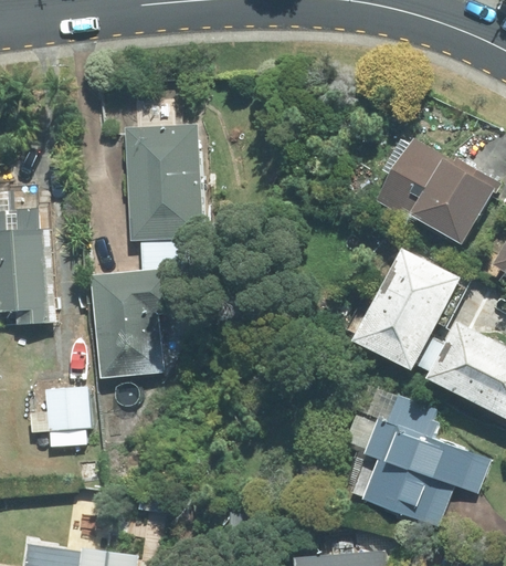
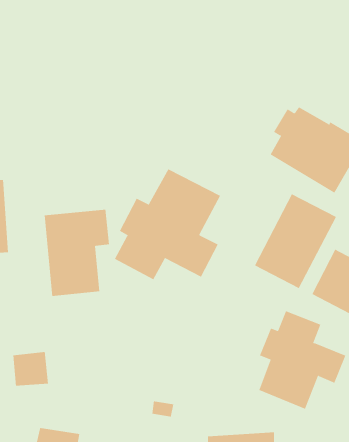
building: [123,125,200,242] -> none
building: none -> [114,168,221,280]
building: [43,385,89,429] -> [12,352,49,386]

